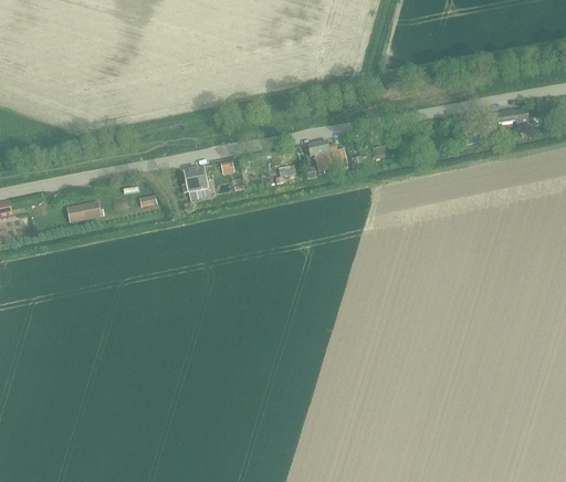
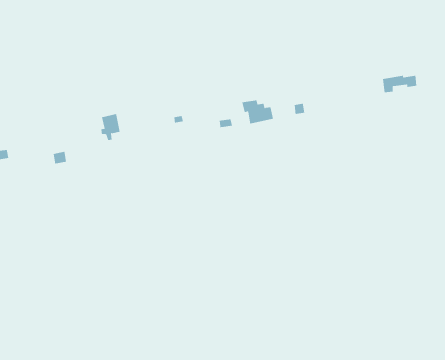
building: [181,166,207,200] -> [100,114,120,141]

